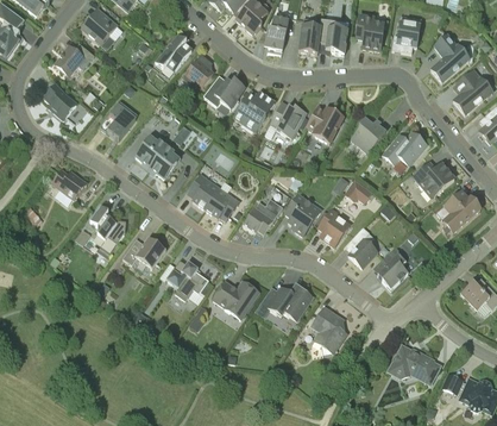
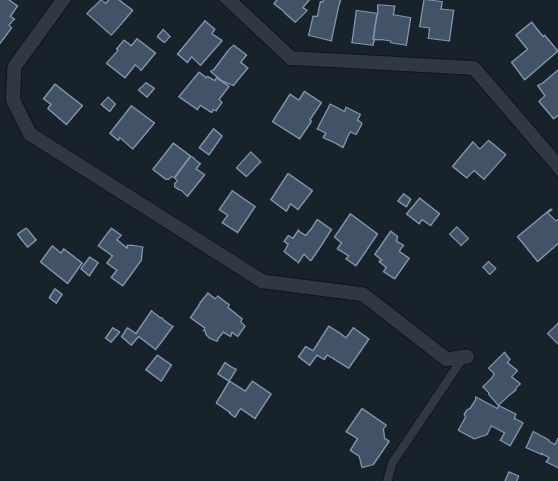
building: [392,21,421,52] -> none
building: [55,43,95,75] -> [107,39,156,78]
building: [203,75,245,108] -> [179,72,229,112]
building: [307,105,345,143] -> none
building: [351,118,386,154] -> none
building: [414,162,455,195] -> none
building: [52,169,87,200] -> [41,246,82,283]
building: [206,187,240,218] -> [271,174,312,211]
building: [348,226,378,268] -> none
building: [124,236,166,268] -> [121,311,173,350]
building: [378,245,409,289] -> [483,352,520,406]
building: [214,281,259,312] -> [216,381,271,419]
building: [312,306,347,355] -> [346,408,389,467]

